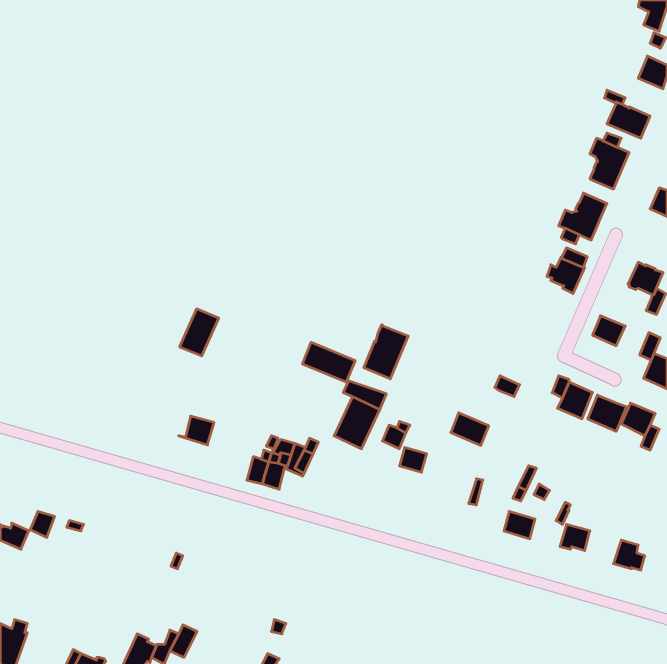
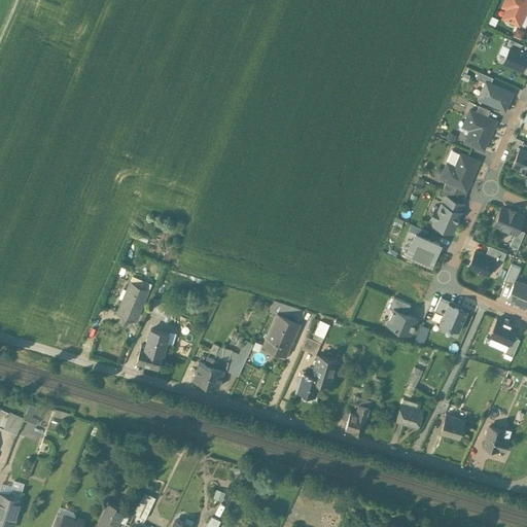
building: none -> [407,235,440,267]
building: [180,309,219,356] -> [118,284,149,321]
building: [364,325,408,379] -> none
building: [303,342,355,382] -> none
building: [588,395,627,431] -> none
building: [451,413,489,445] -> [387,310,417,336]
building: none -> [136,346,164,371]
building: none -> [298,370,332,397]
building: none -> [346,397,370,433]

